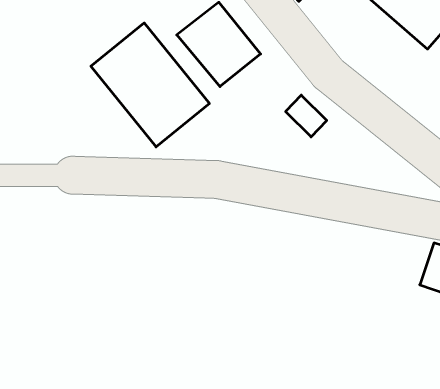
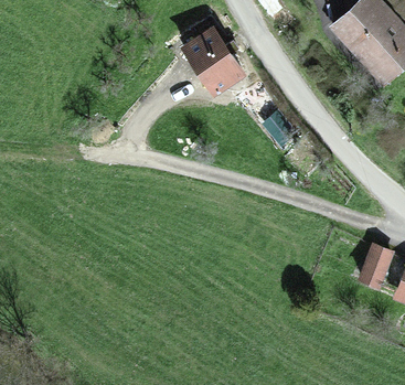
building: [91,23,209,147] -> none

